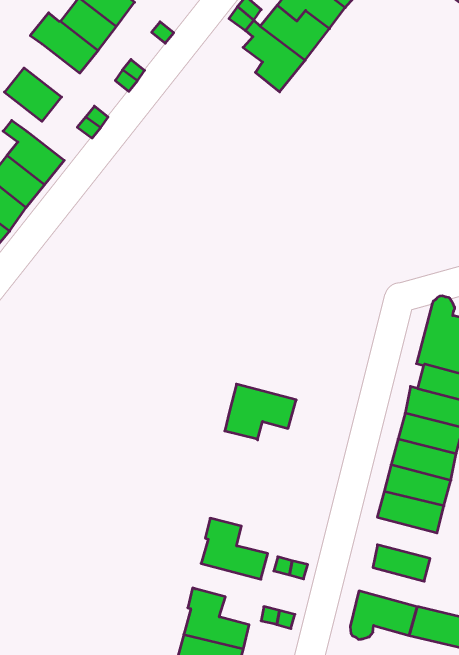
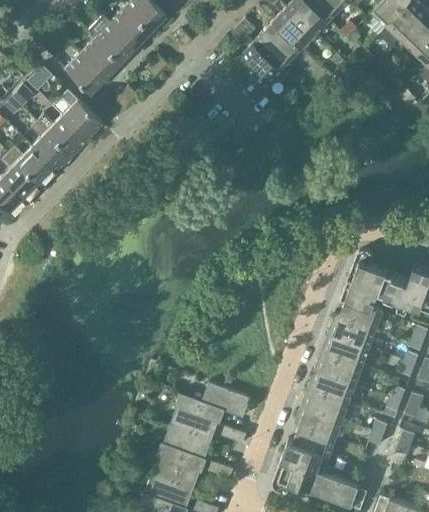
building: none -> [80,37,120,77]
building: [225,384,296,440] -> [197,382,251,424]
building: none -> [295,405,343,439]
building: none -> [164,425,212,473]
building: none -> [282,439,330,473]

